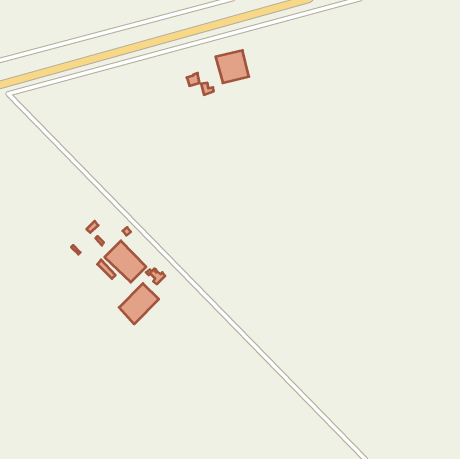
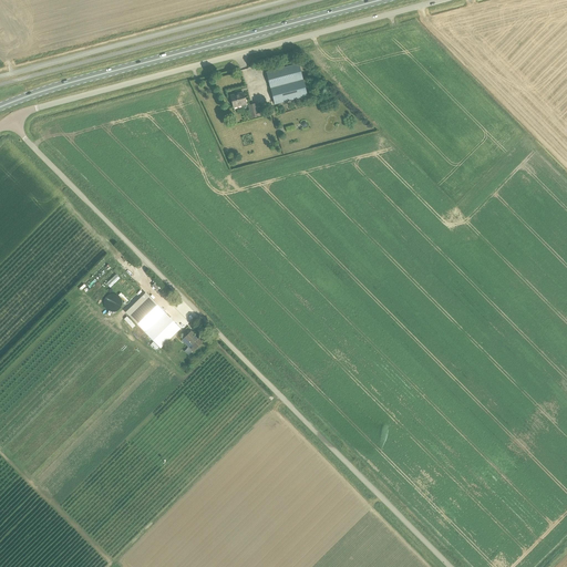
building: [119,283,159,324] -> none

